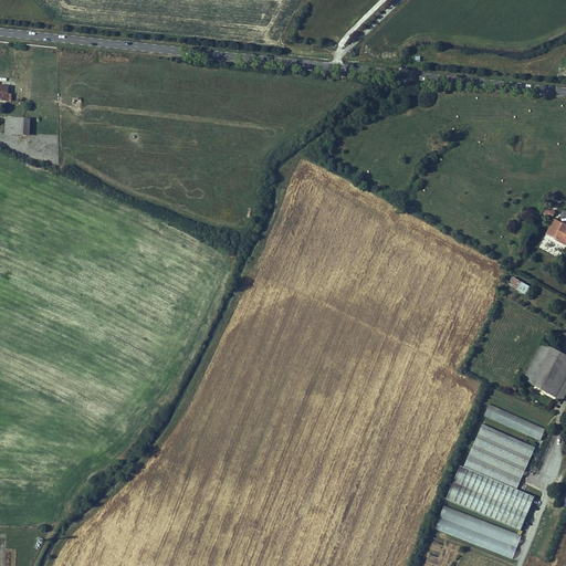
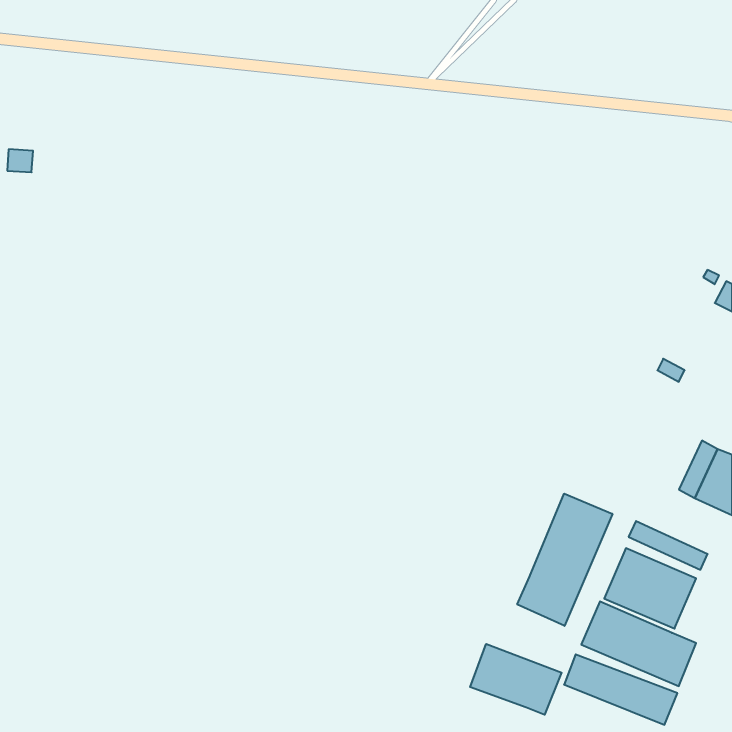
building: none -> [517,494,612,626]
building: none -> [470,644,562,715]

